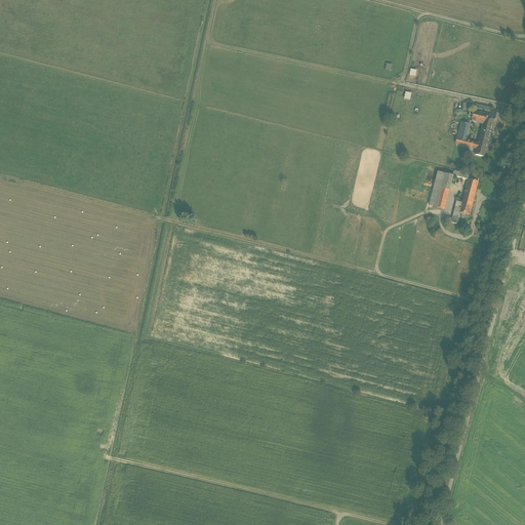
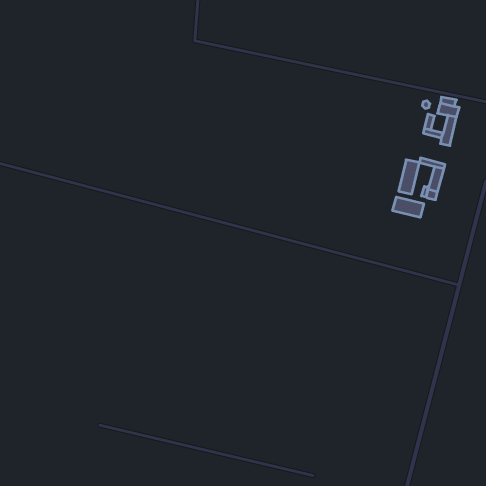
building: none -> [393,197,424,217]

